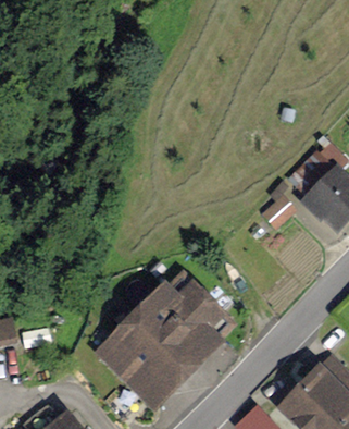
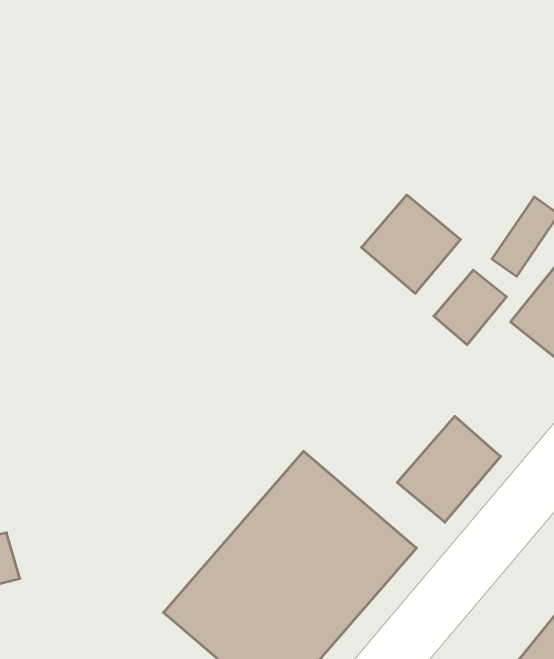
building: none -> [361,195,461,293]
building: none -> [397,416,501,522]

